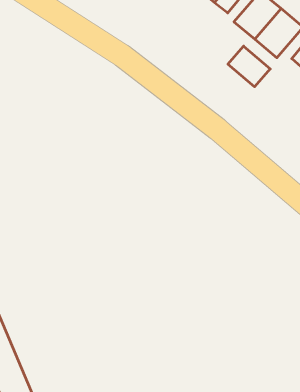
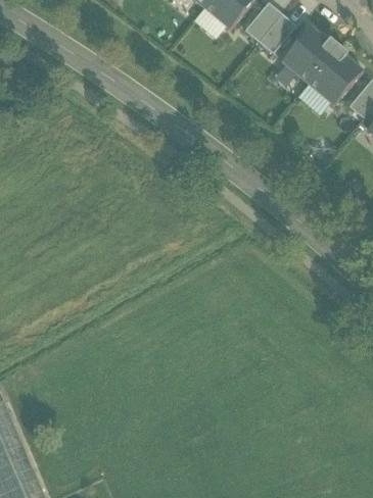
building: [228,46,270,87] -> none

